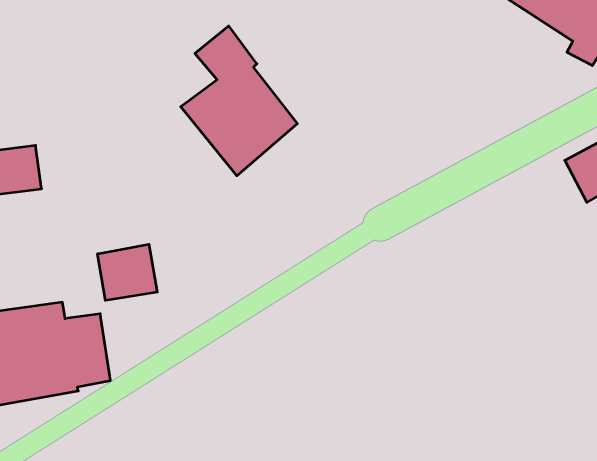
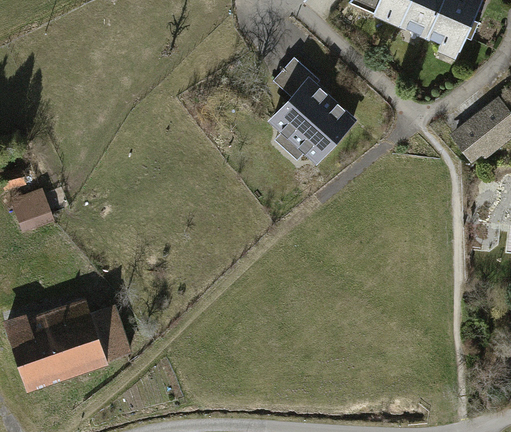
building: [181,26,297,176] -> [267,57,357,169]
building: [98,244,157,300] -> none

